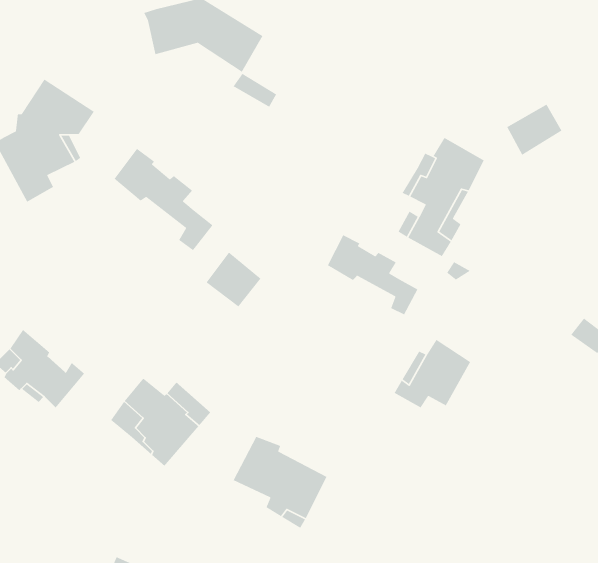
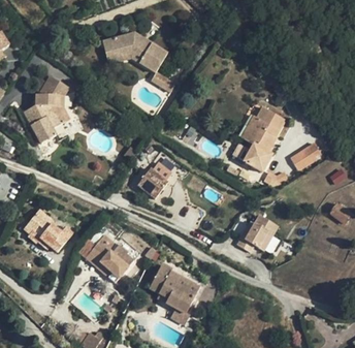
building: [506,103,562,156] -> [294,146,324,173]
building: [114,148,213,251] -> none
building: [327,234,418,316] -> none

